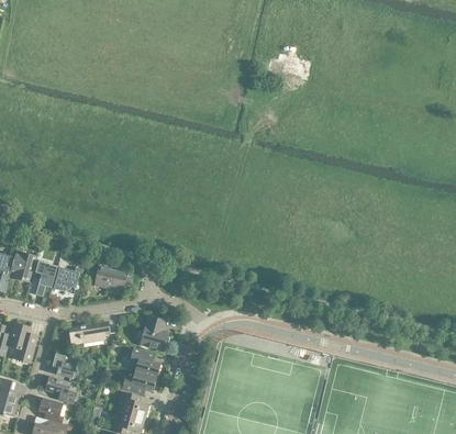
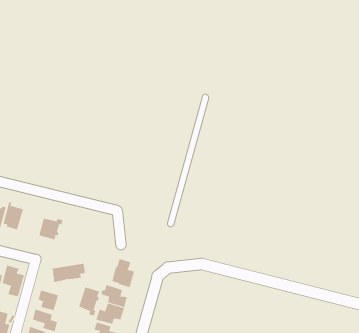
building: [34,253,56,296] -> none
building: [93,266,133,290] -> none
building: none -> [79,287,100,316]

